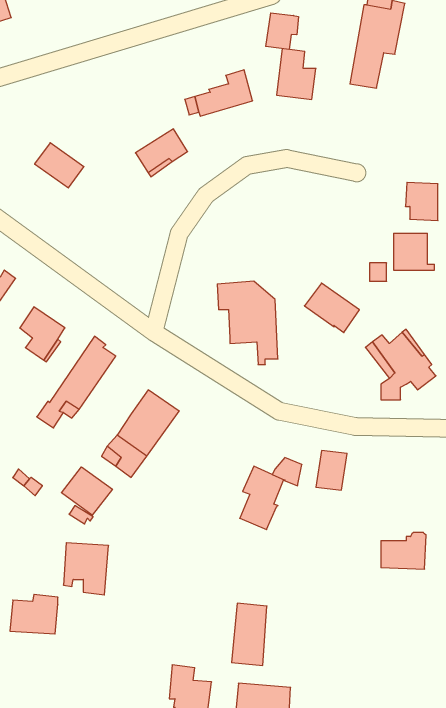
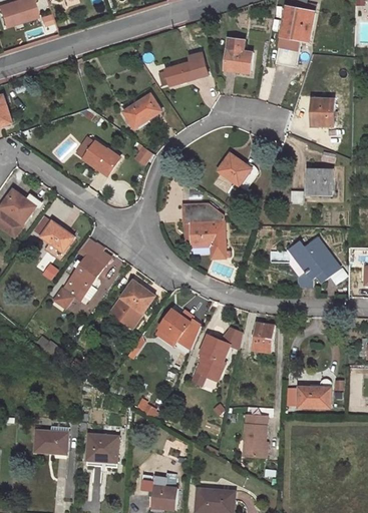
building: [266,13,298,49] -> none
building: [35,143,84,188] -> [83,141,118,173]
building: [405,182,438,221] -> [310,98,333,125]
building: [304,283,359,333] -> [218,153,257,188]
building: none -> [158,309,201,349]
building: [61,467,112,515] -> none
building: [63,543,109,595] -> [86,434,118,471]
building: [232,603,267,665] -> [242,413,267,457]

